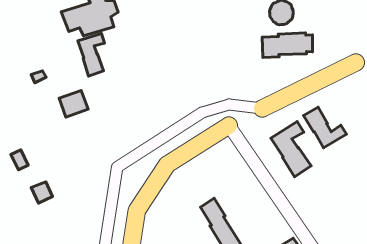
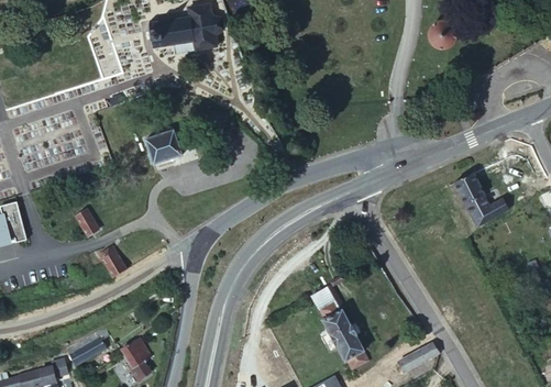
building: [262,33,312,57] -> none
building: [78,33,105,76] -> none
building: [271,122,311,177] -> none

